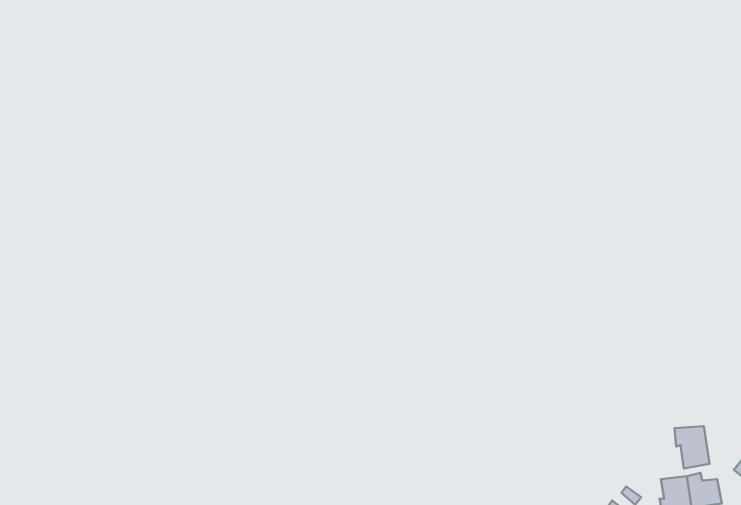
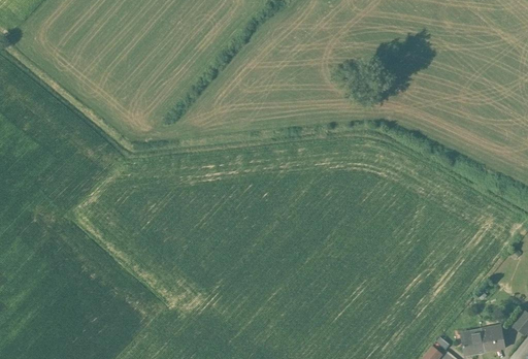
building: [674,426,709,468] -> none

